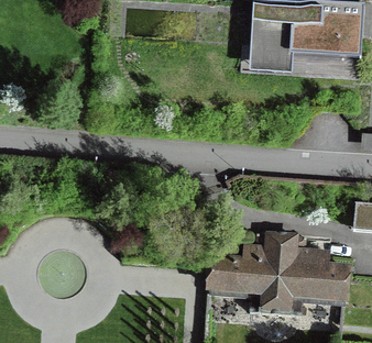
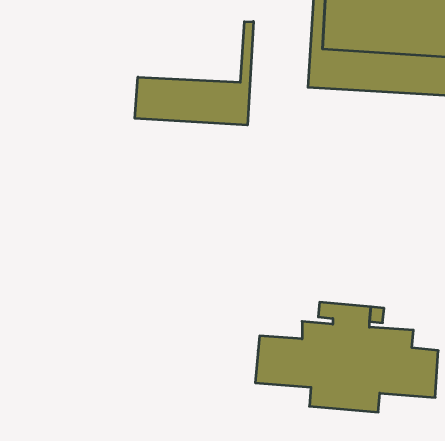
building: none -> [135,21,253,125]

